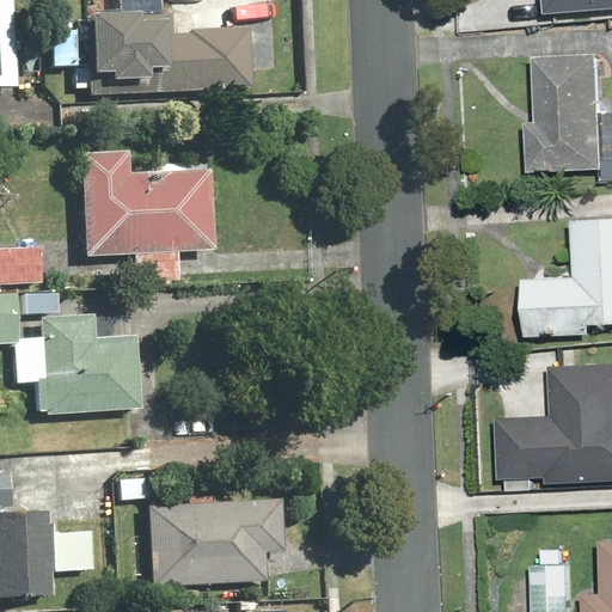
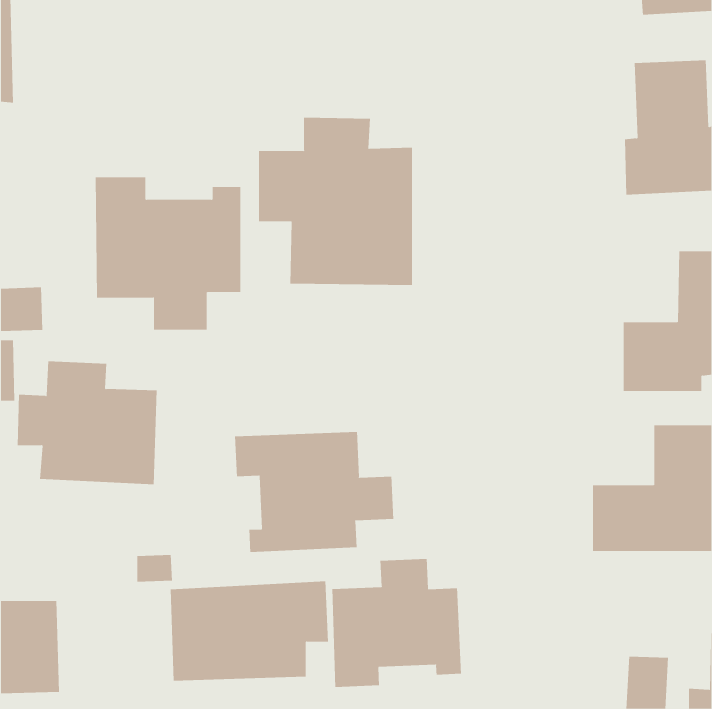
building: [88,11,249,91] -> none
building: none -> [258,117,413,286]
building: none -> [235,431,394,553]
building: none -> [332,558,461,688]

